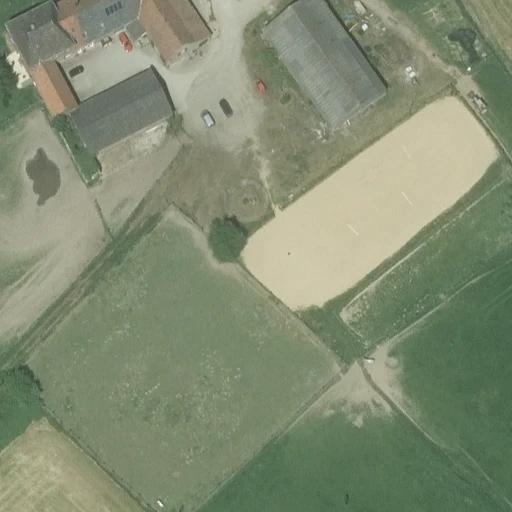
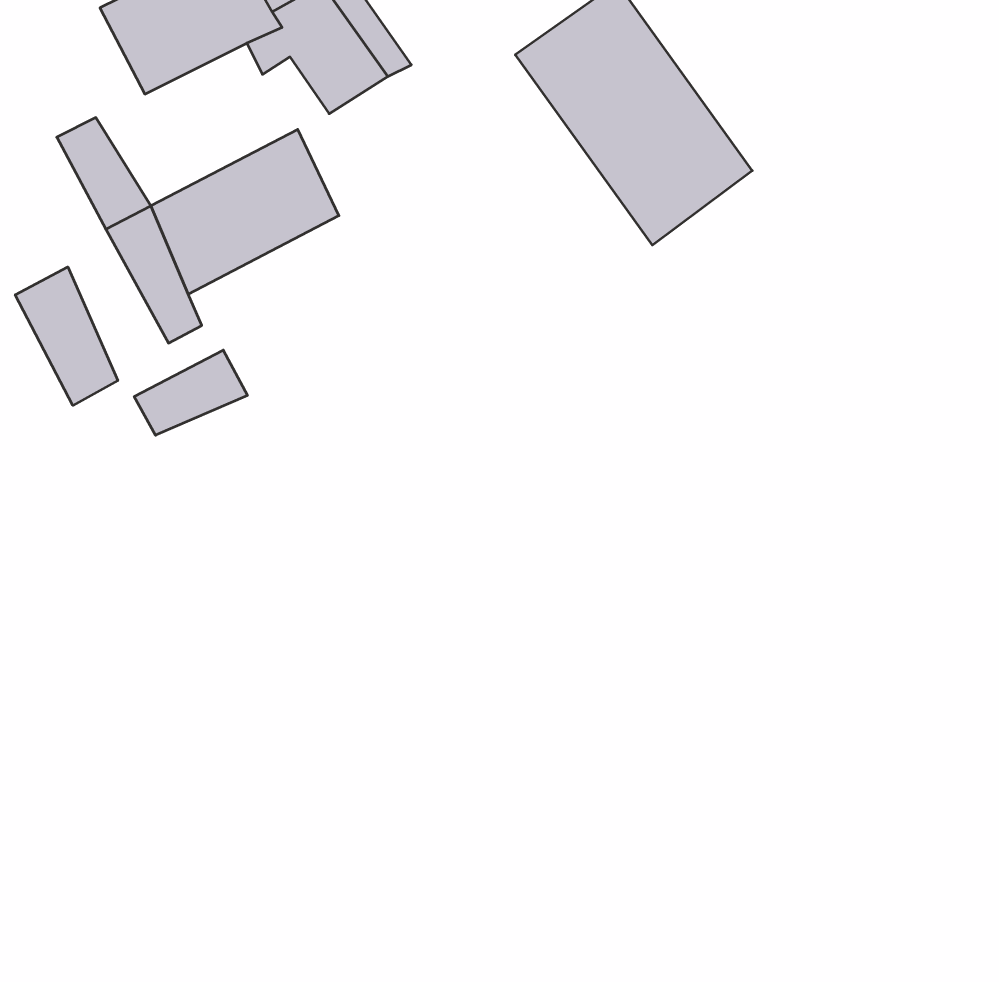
building: [5,4,75,71] -> none
building: none -> [15,267,118,405]
building: none -> [134,350,247,435]

